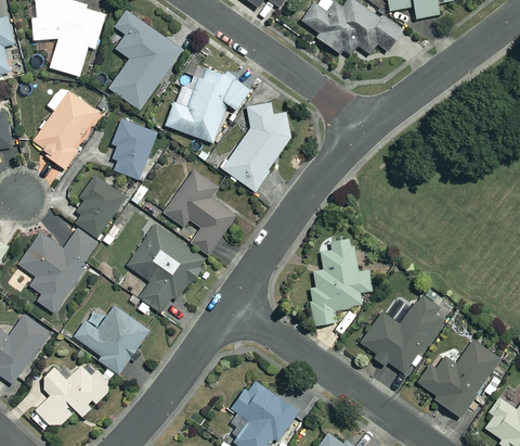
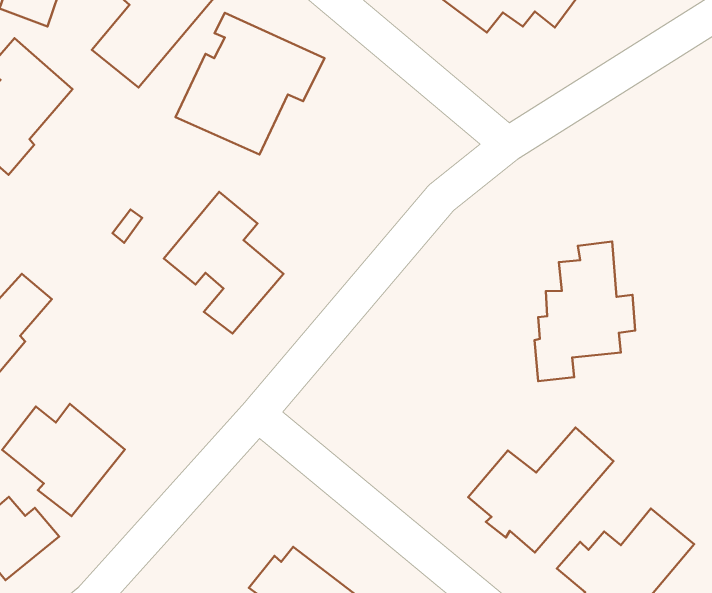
building: [222,103,290,191] -> none
building: [112,119,156,179] -> none
building: [75,176,124,238] -> none
building: [126,225,205,314] -> none
building: [309,238,369,327] -> [535,241,635,381]

